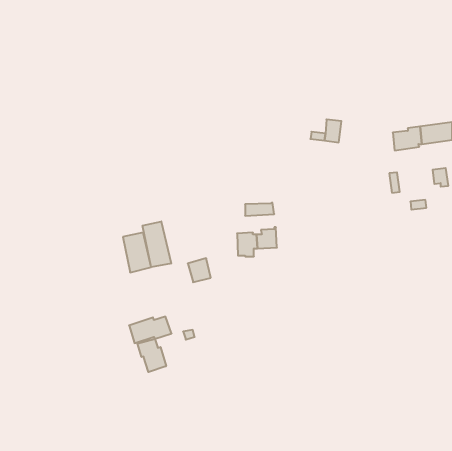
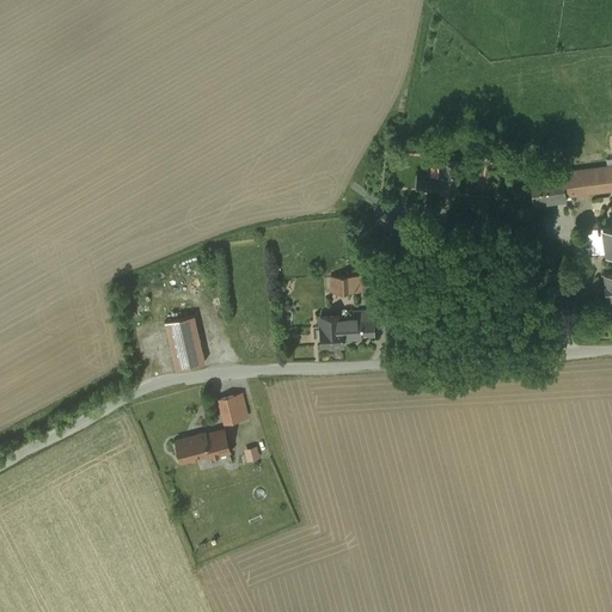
building: [143,221,171,267] -> none
building: [188,258,211,282] -> [219,391,250,423]
building: [137,339,166,372] -> none

